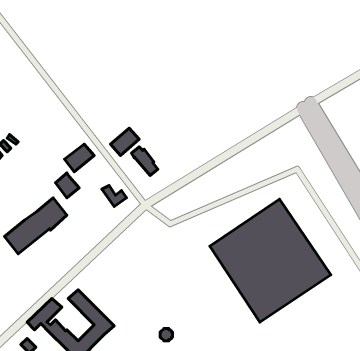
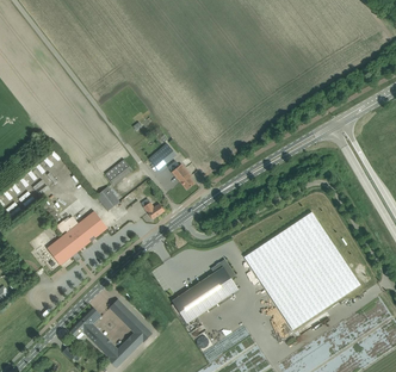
building: none -> [172,260,236,322]

